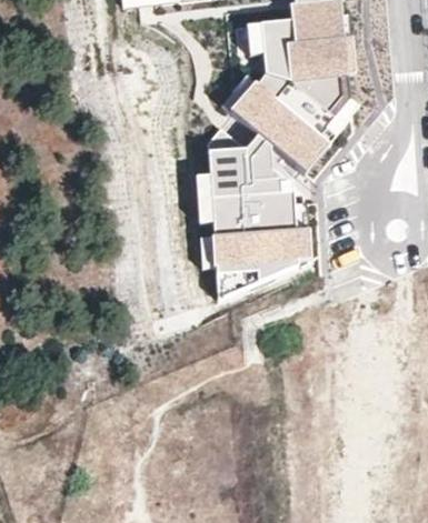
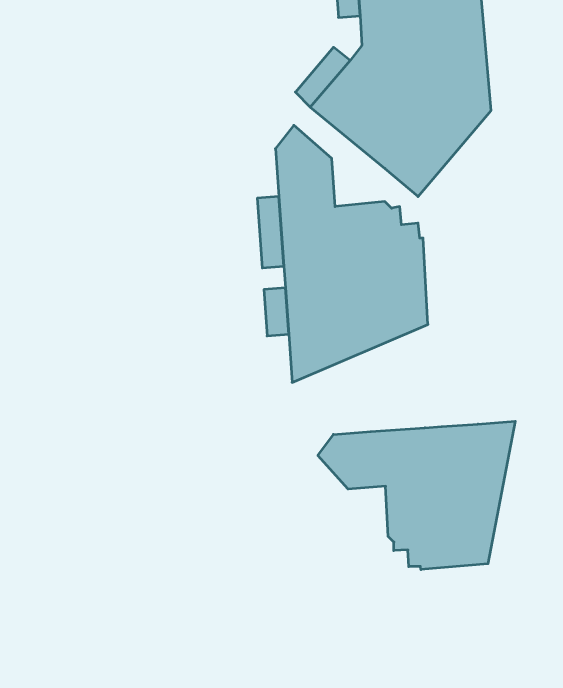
building: none -> [318,421,515,570]

